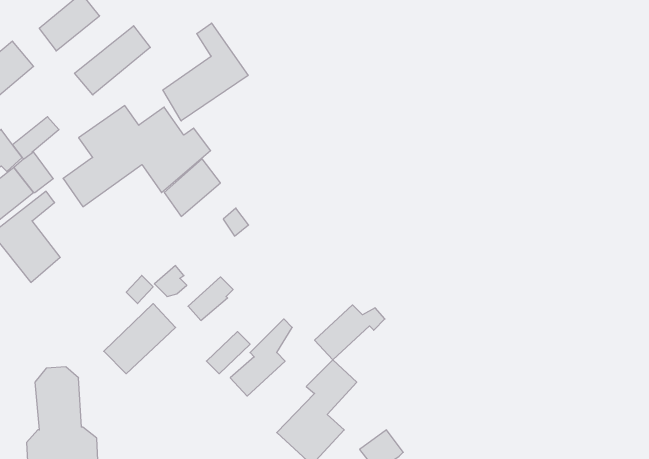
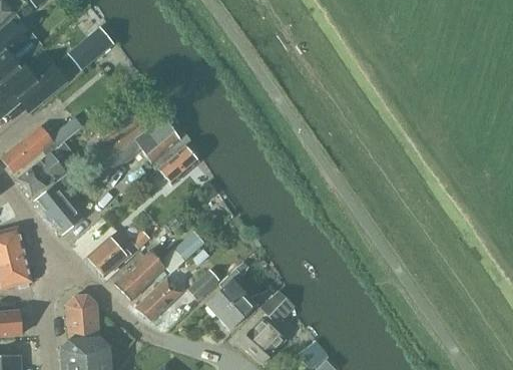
building: [163,23,248,121] -> none
building: [75,26,150,95] -> none
building: none -> [86,236,127,277]
building: [315,305,385,360] -> [216,291,267,330]
building: none -> [134,270,181,321]

